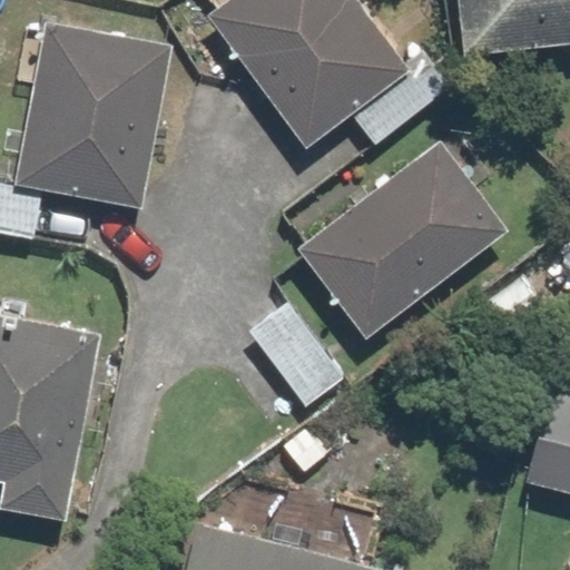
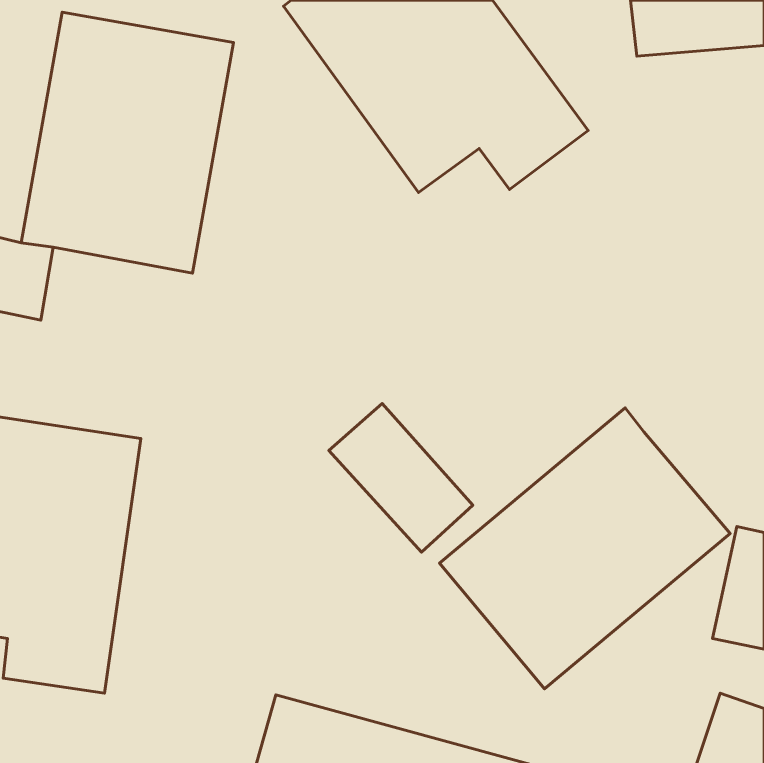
building: [285,137,507,340] -> none
building: none -> [440,408,730,689]

